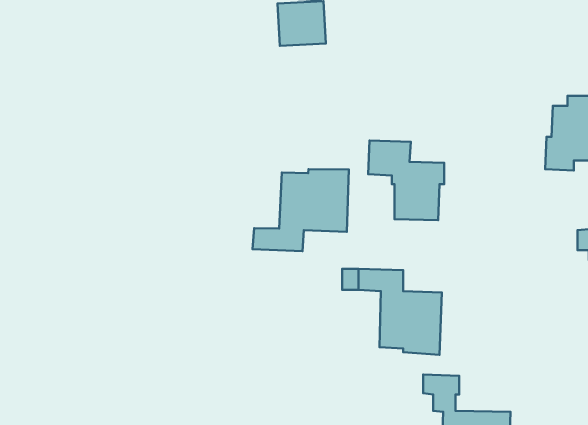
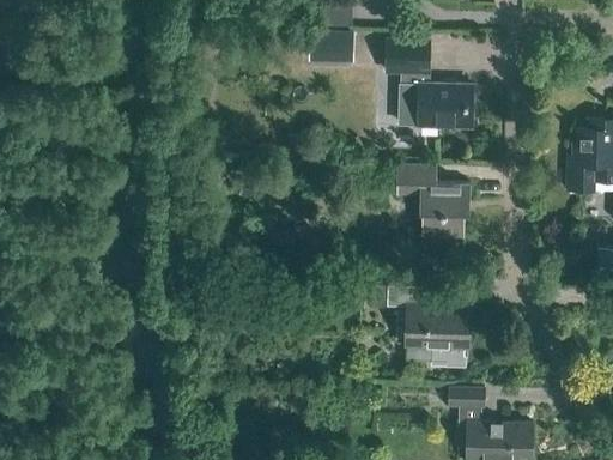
building: none -> [386,41,472,127]
building: [253,169,349,251] -> none

